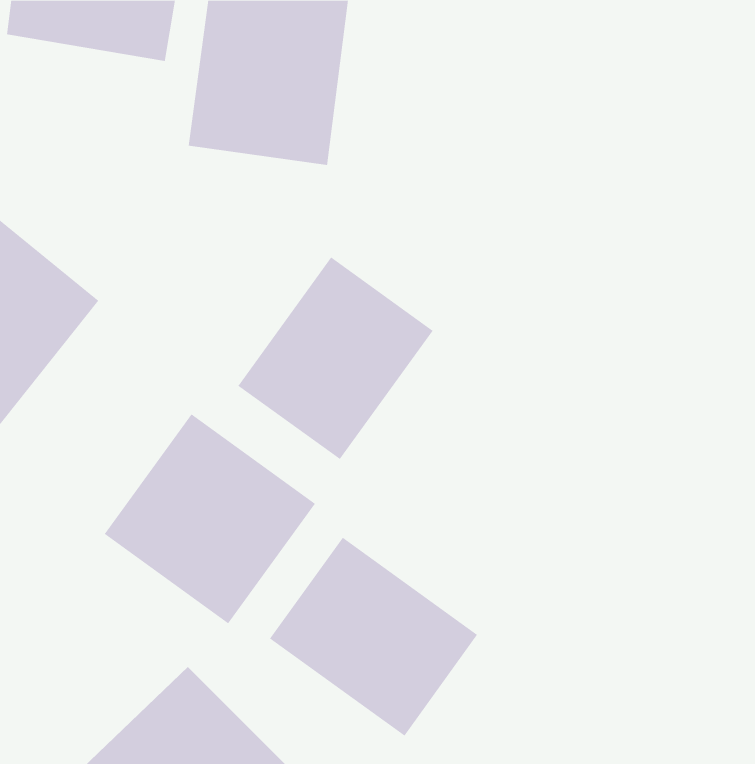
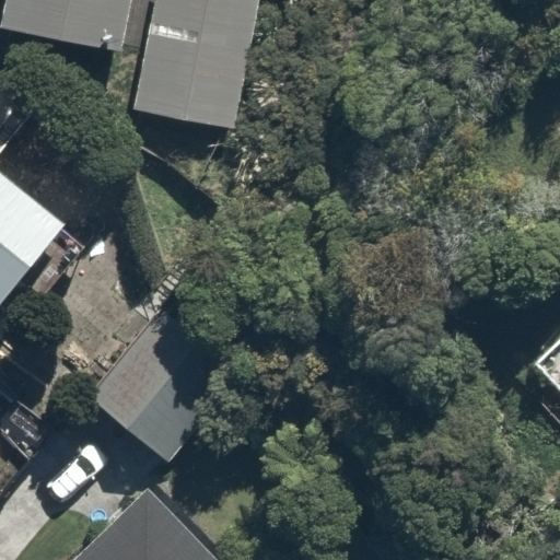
building: [237,257,434,460] -> none
building: [269,537,478,736] -> none

